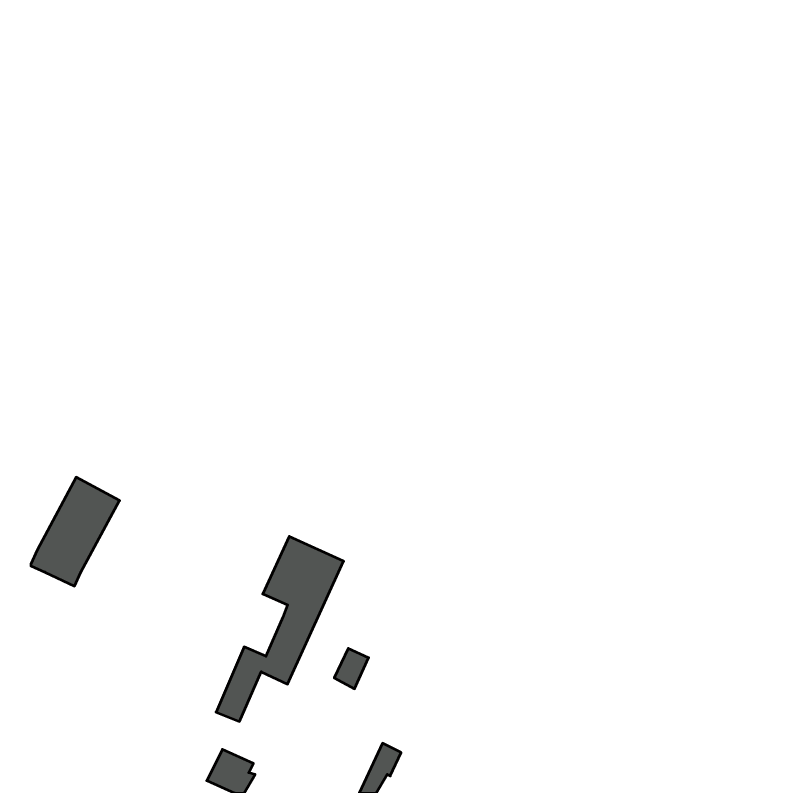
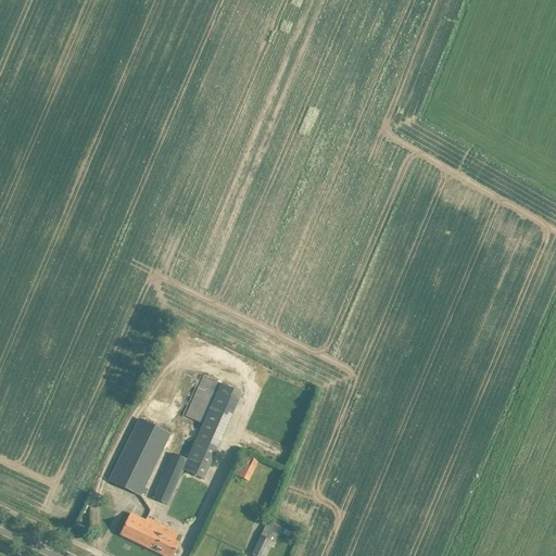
building: [31,477,120,586] -> [110,418,172,494]
building: none -> [121,513,155,545]

